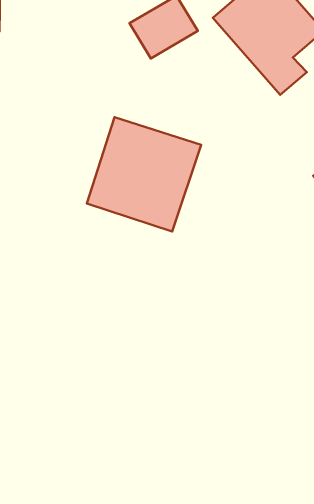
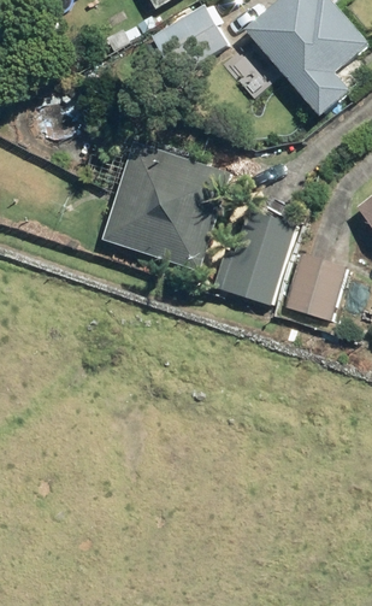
building: none -> [220,208,296,304]
building: none -> [284,252,346,318]

